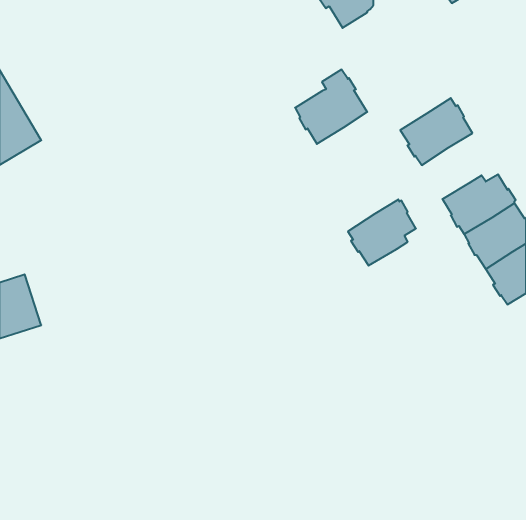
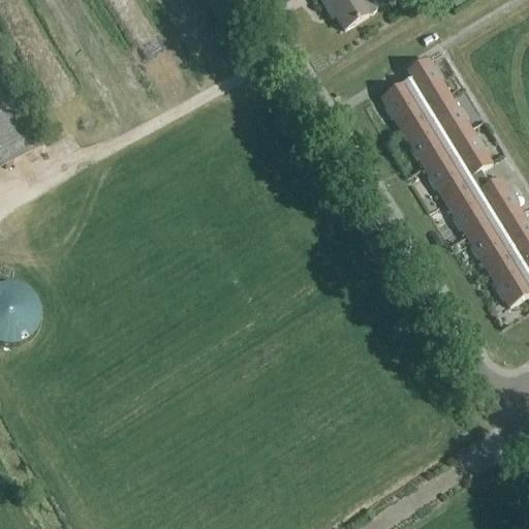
building: [295,70,367,144] -> [379,56,452,130]
building: [348,199,416,266] -> [423,133,491,199]

